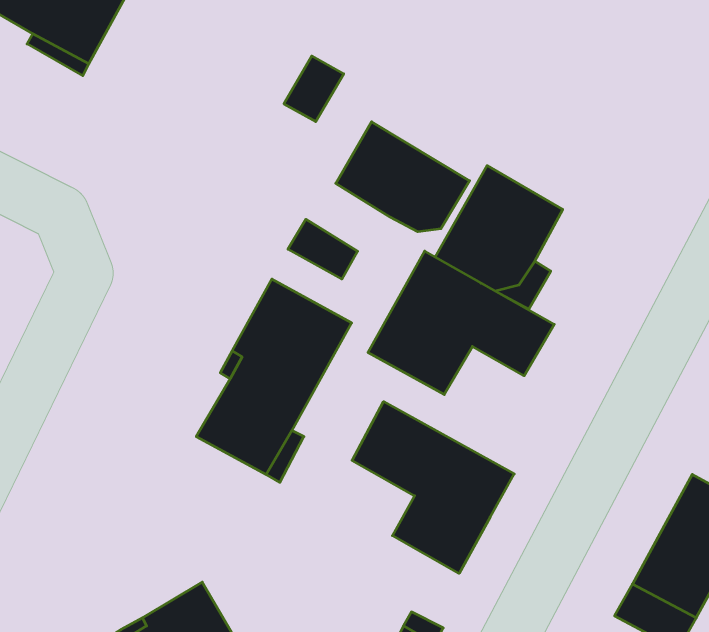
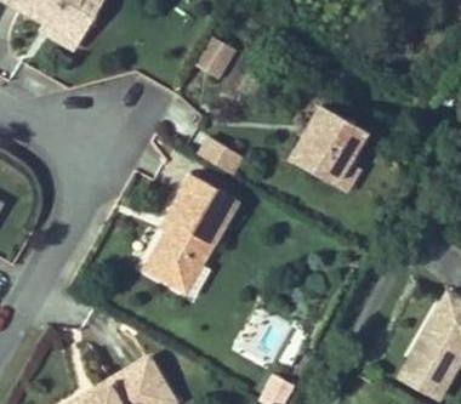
building: [336,122,470,232] -> none
building: [368,251,554,395] -> none
building: [352,402,514,573] -> none

